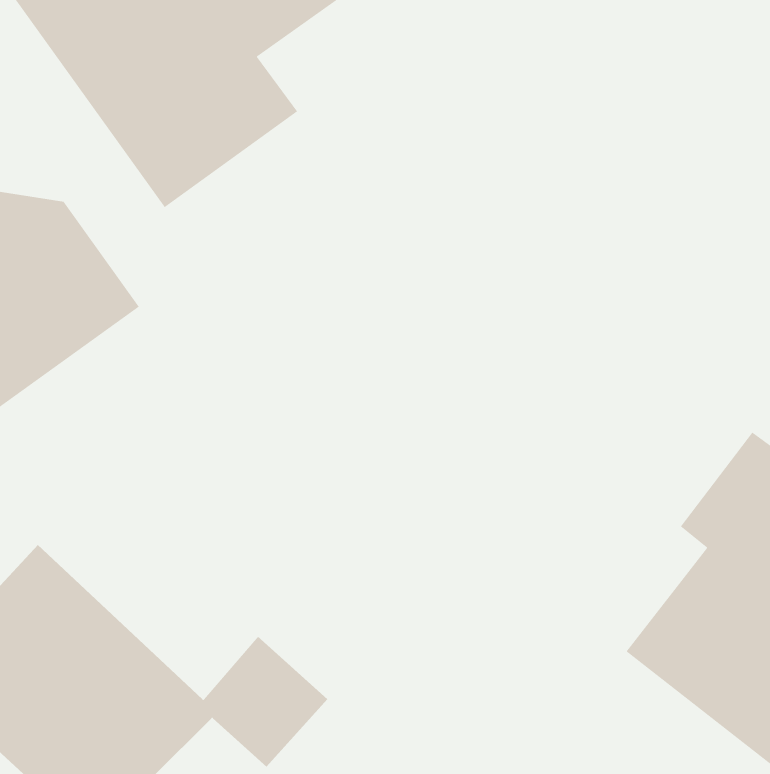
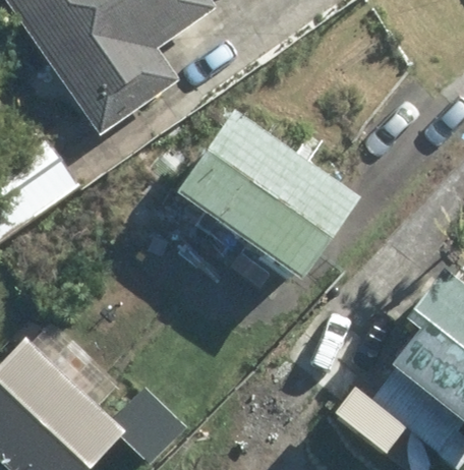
building: none -> [172,107,357,279]

